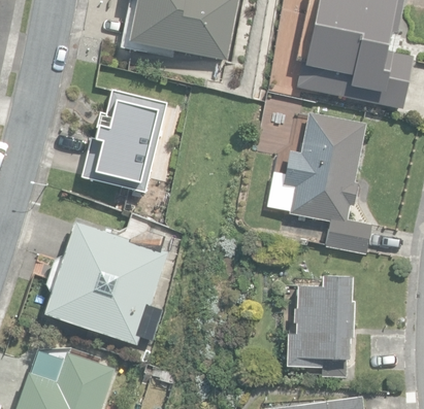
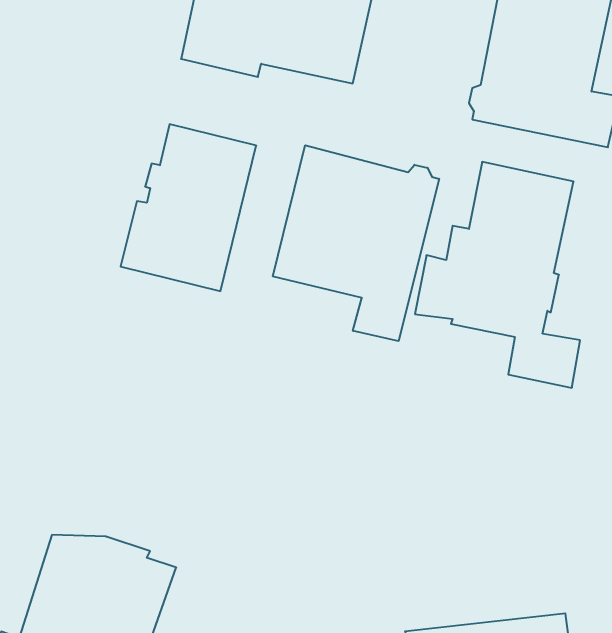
building: none -> [273,145,439,341]
building: [43,220,170,344] -> none
building: [287,276,353,376] -> none

